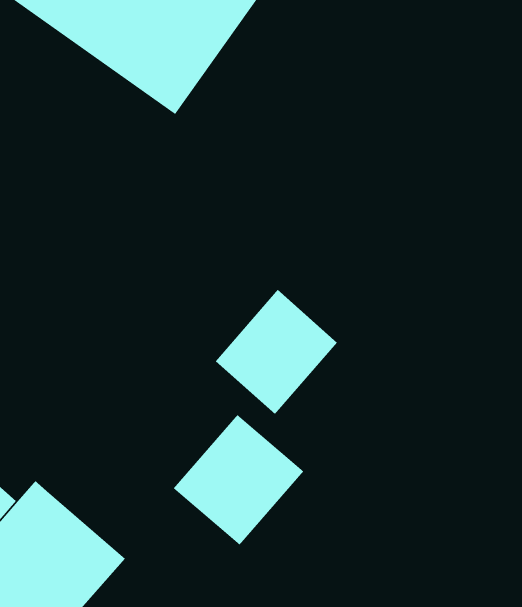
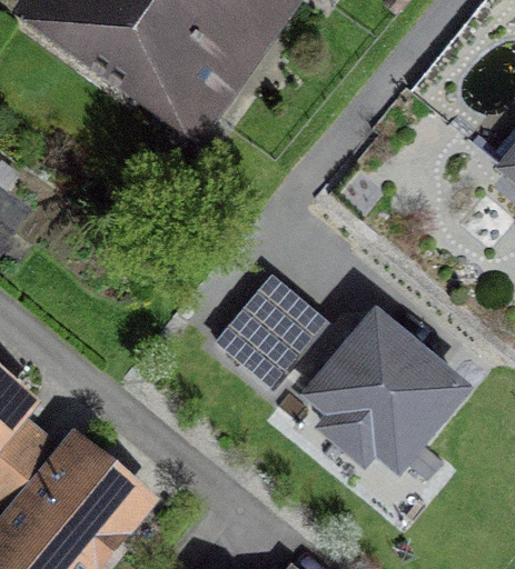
building: none -> [314,323,458,466]
building: [173,414,304,545] -> none

